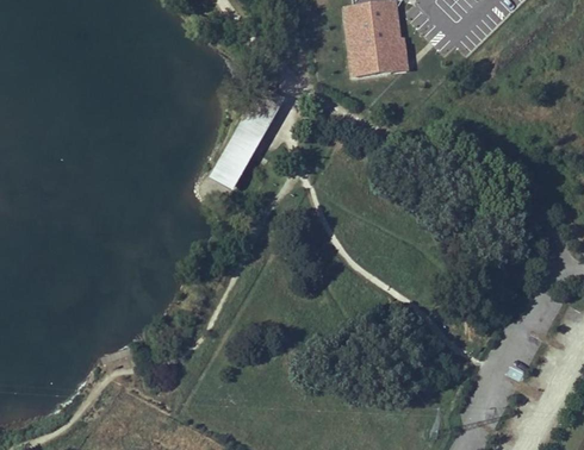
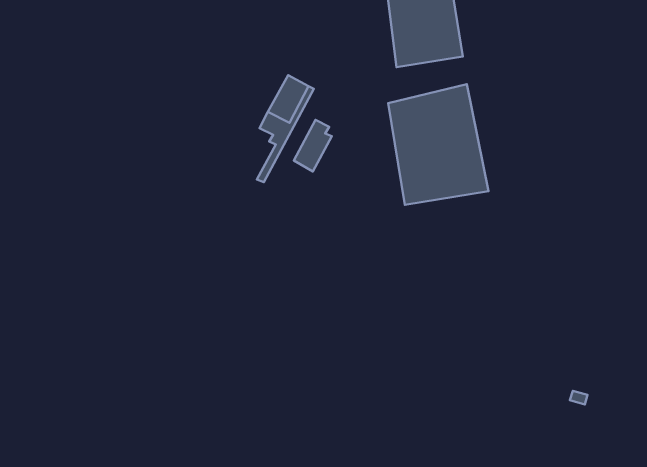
building: none -> [388,84,489,205]
building: [212,135,246,180] -> [294,120,332,171]

